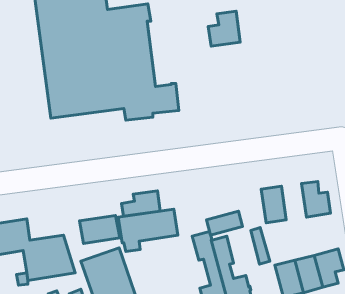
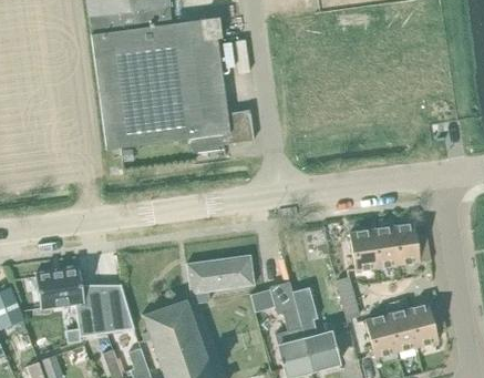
building: [208,11,240,46] -> none
building: none -> [372,225,401,267]
building: [121,191,160,216] -> none
building: [207,211,242,235] -> none
building: [80,215,120,243] -> none

